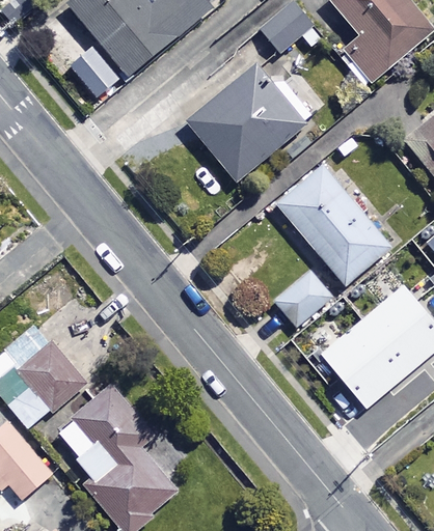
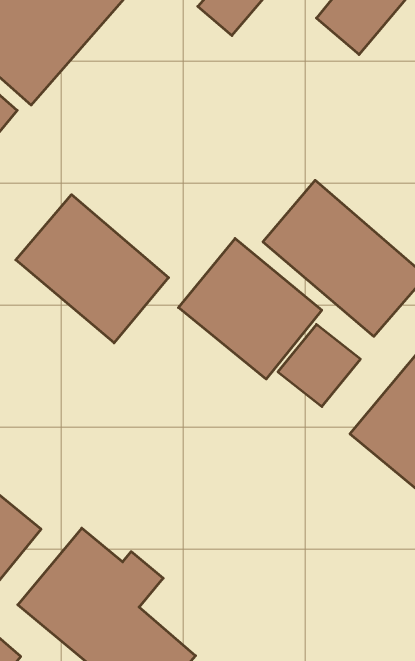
building: [187,61,309,181] -> none
building: none -> [16,195,169,343]
building: none -> [178,238,322,379]

